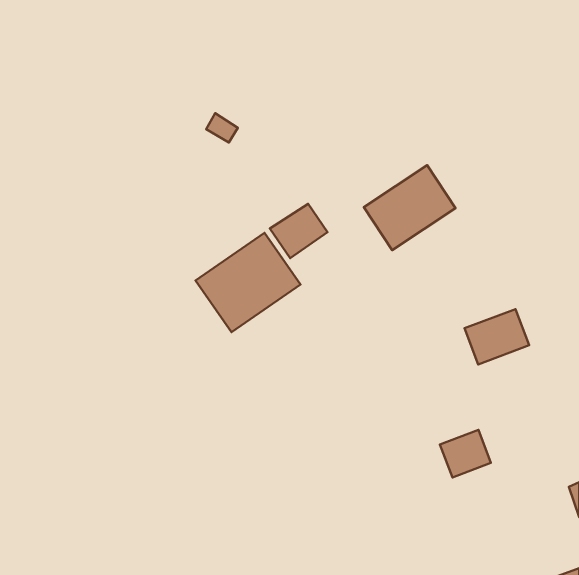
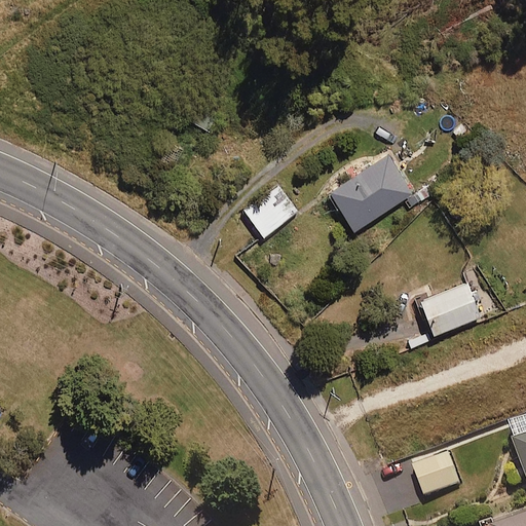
building: [196,233,300,332] -> none
building: [440,430,491,477] -> [414,456,460,499]

